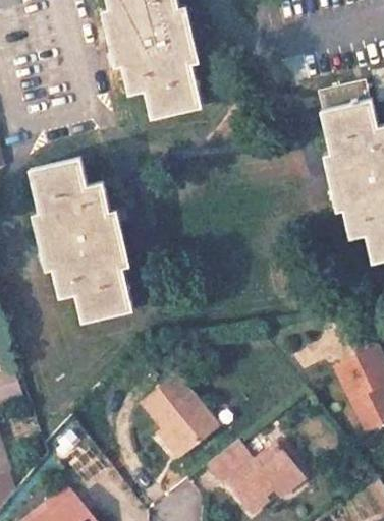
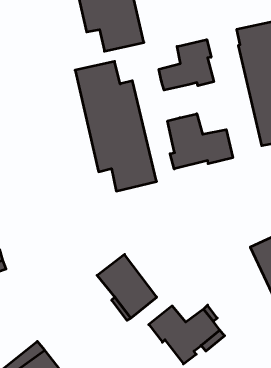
building: none -> [159,40,214,90]
building: [30,158,132,322] -> [75,61,157,191]
building: none -> [168,114,233,169]

